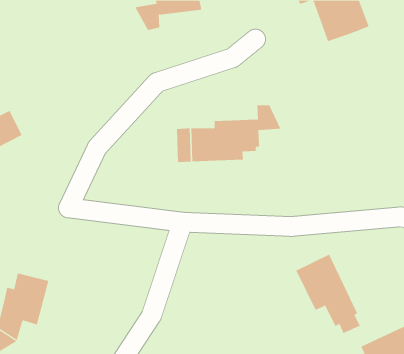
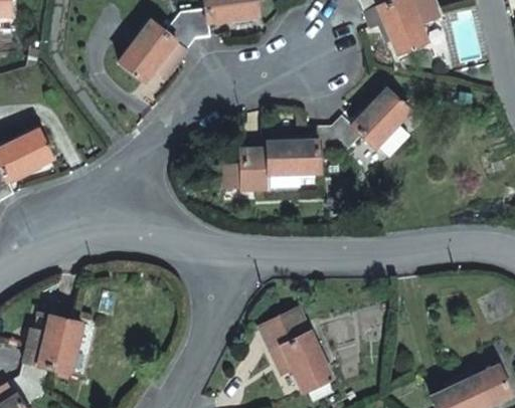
building: none -> [119,12,191,80]
building: none -> [329,89,410,150]
building: [296,254,361,334] -> [259,307,332,397]

